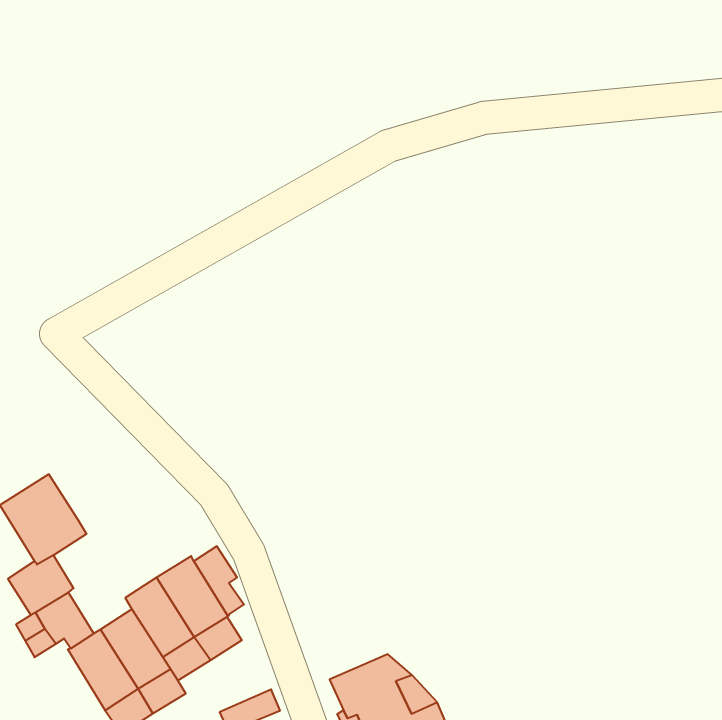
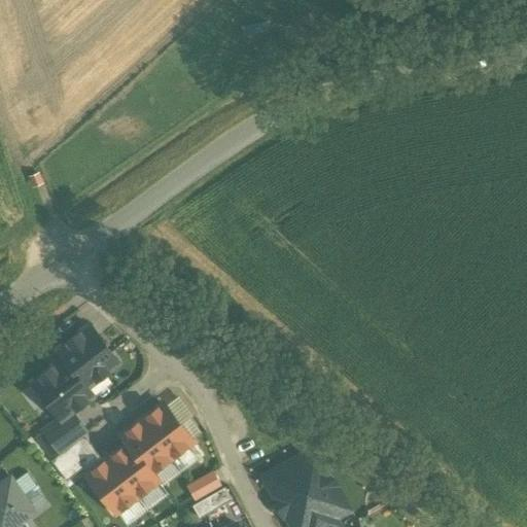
building: none -> [57,326,117,388]
building: none -> [185,470,221,501]

